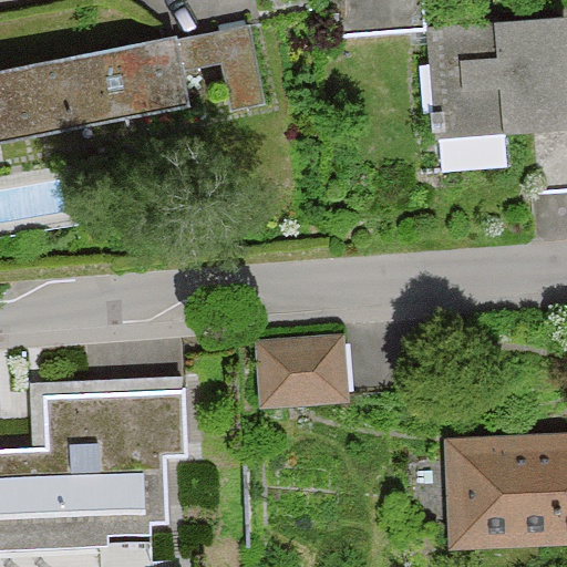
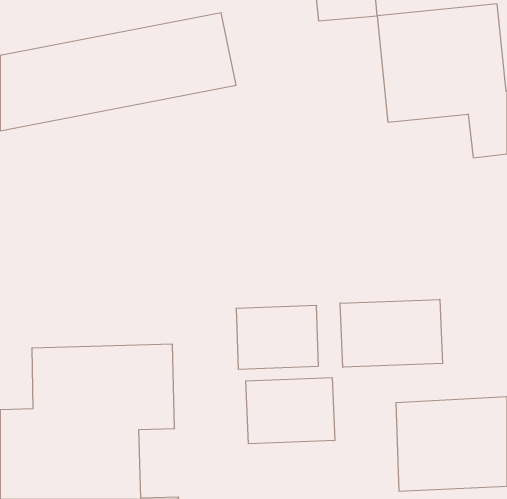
building: none -> [340,299,442,367]
building: none -> [246,378,335,444]

